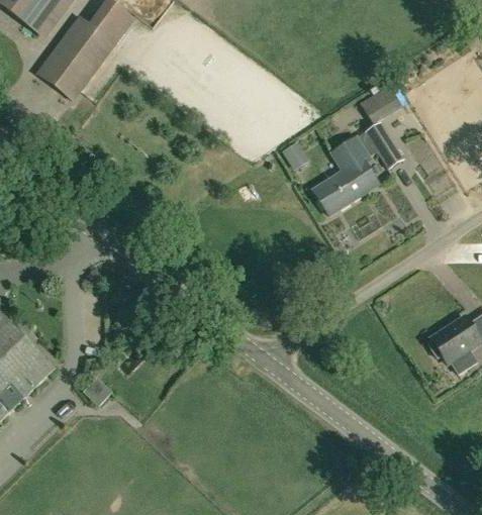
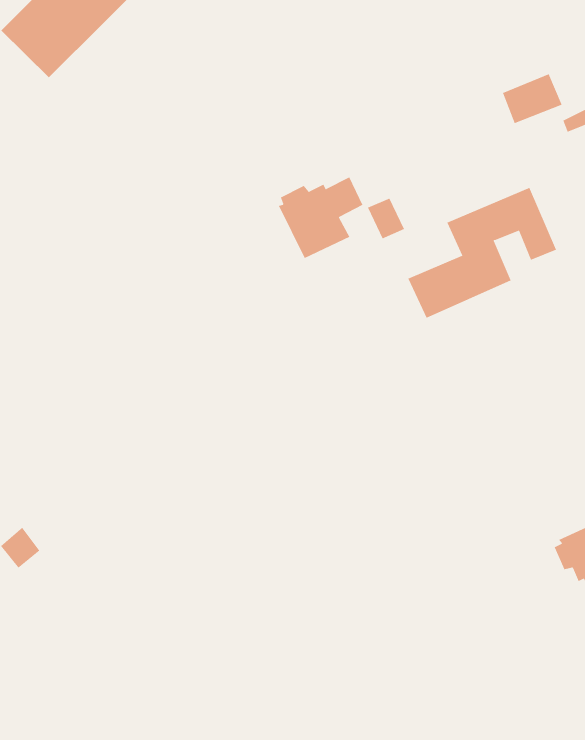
building: [361,85,399,119] -> [502,74,562,124]
building: none -> [278,176,363,259]

